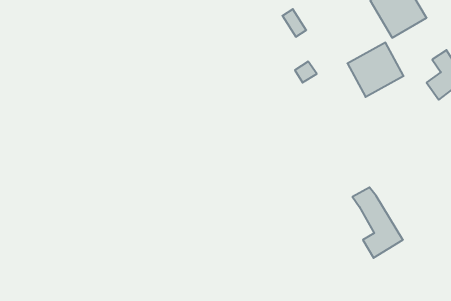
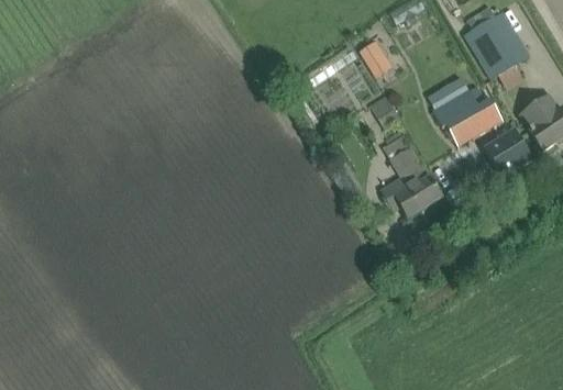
building: none -> [483,129,530,175]
building: [352,187,403,258] -> [382,134,440,215]

